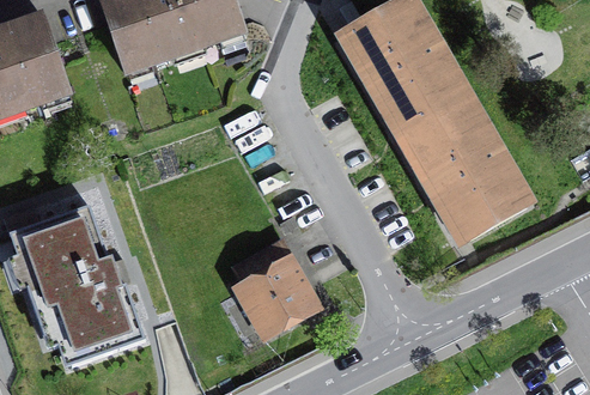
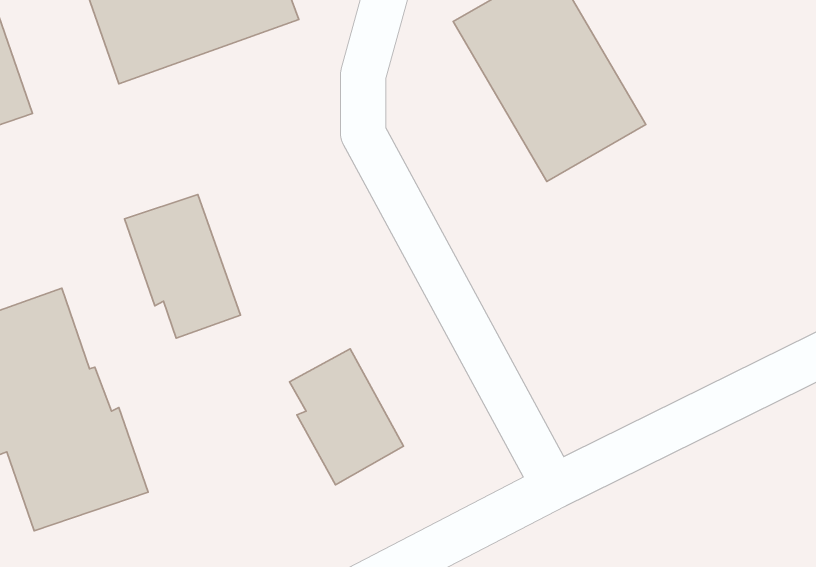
building: [405,99,530,242] -> none
building: none -> [125,194,241,338]

